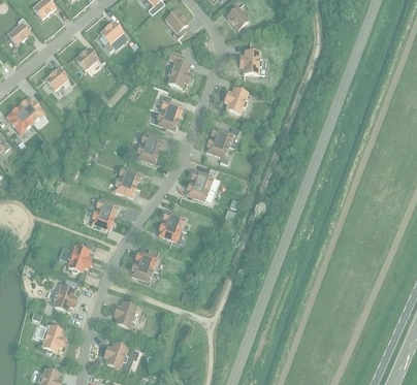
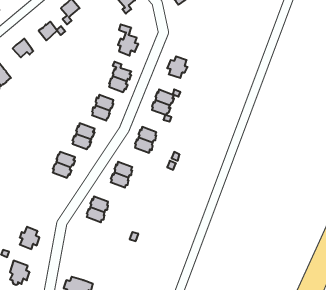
building: [239,51,261,73] -> none
building: [68,246,91,272] -> none
building: [114,301,136,327] -> none

